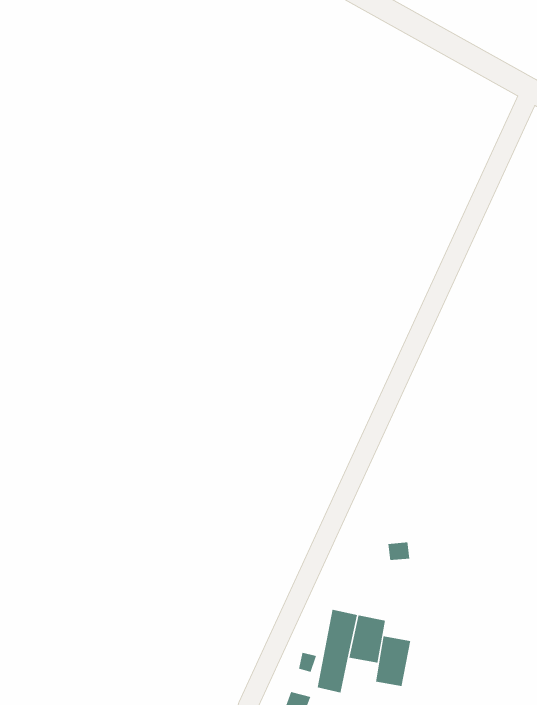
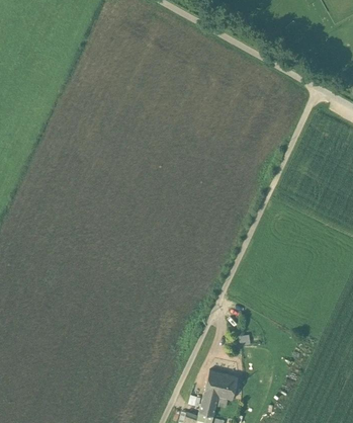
building: [376,635,411,687] -> none

